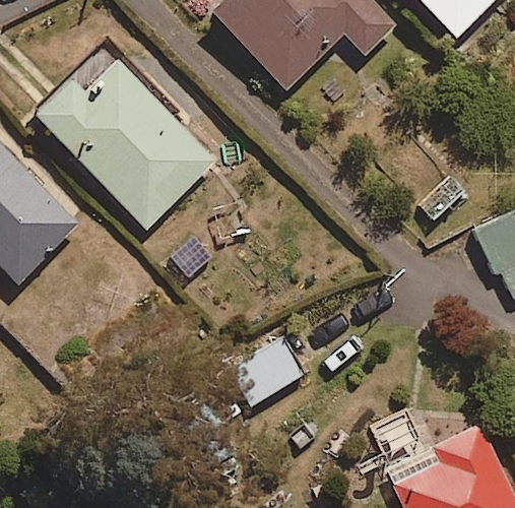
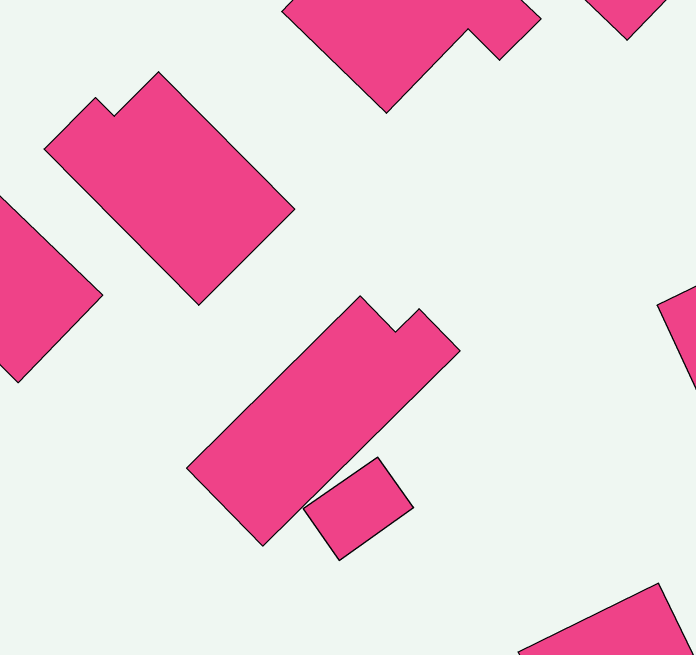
building: none -> [187,296,460,546]

